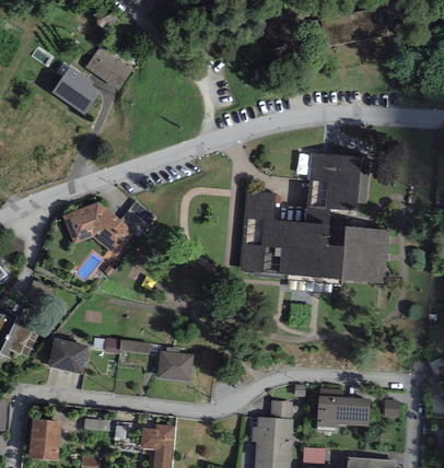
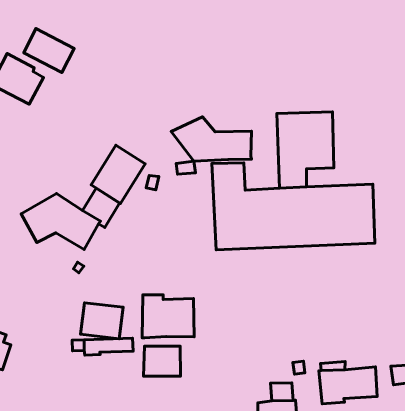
building: none -> [171,117,251,161]
building: none -> [91,145,145,204]
building: none -> [142,295,194,338]
building: [47,337,90,374] -> [80,303,123,339]

